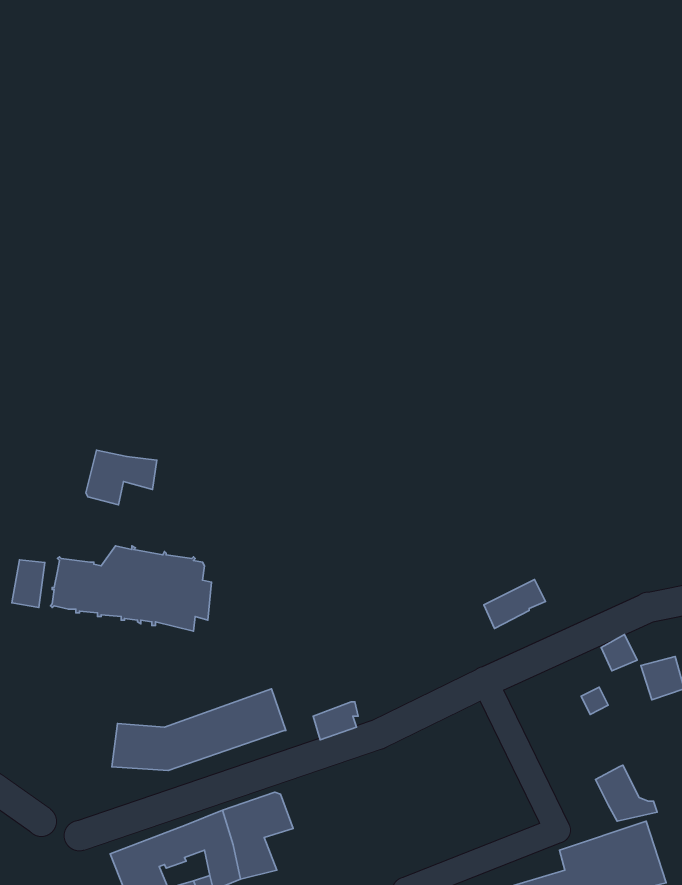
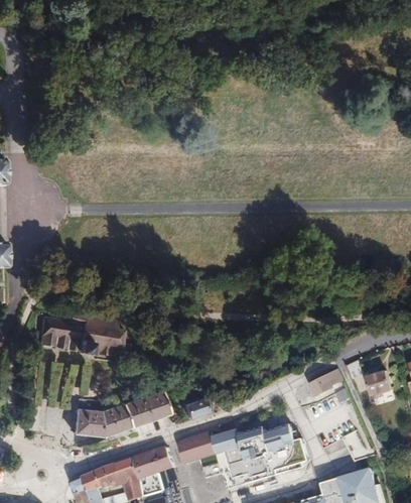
building: [86,450,157,505] -> none
building: [12,560,45,607] -> none
building: [484,580,545,629] -> [309,369,344,396]
building: none -> [177,421,307,489]

